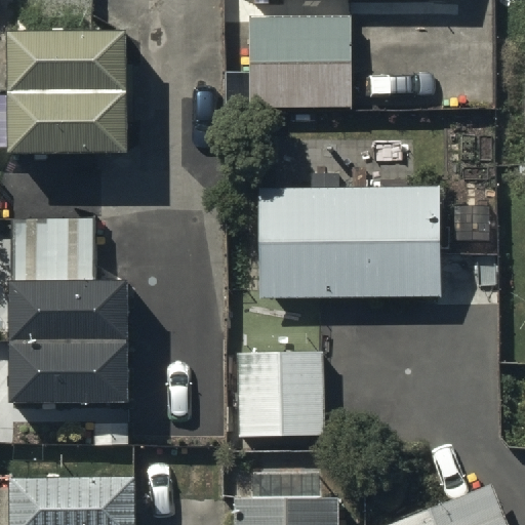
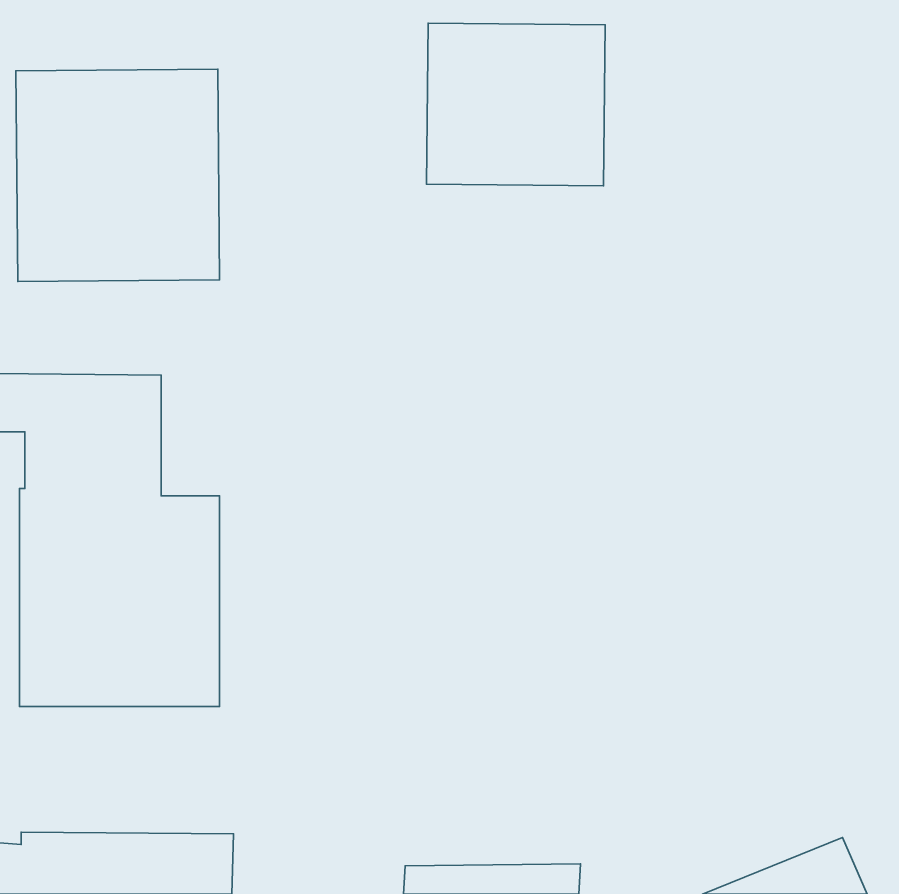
building: [256,177,435,286] -> none
building: [237,356,322,436] -> none

